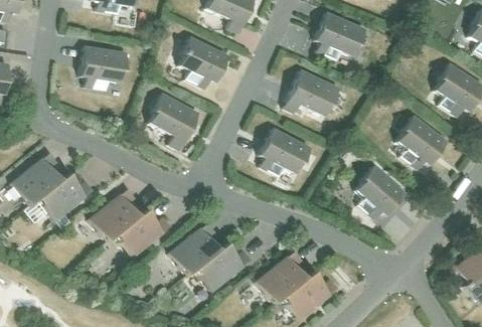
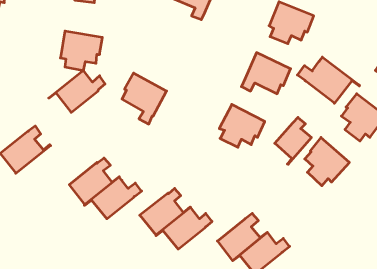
building: [180,36,229,89] -> none
building: none -> [297,57,359,103]
building: none -> [275,117,311,164]
building: [30,174,94,221] -> [49,70,105,112]

